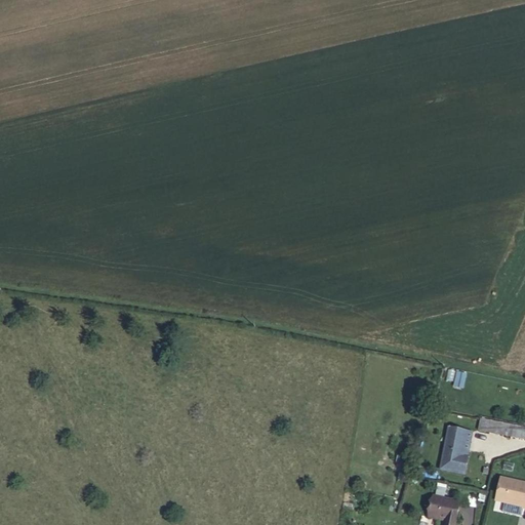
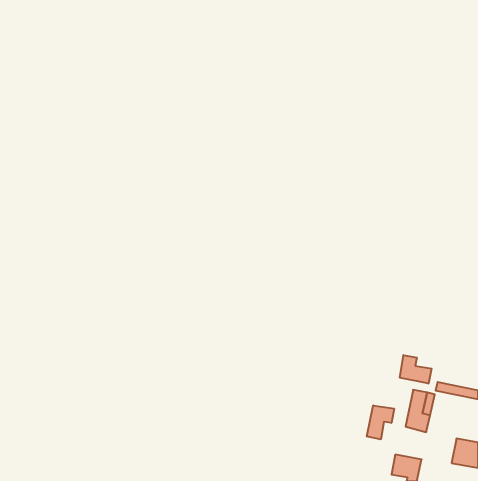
building: none -> [400,355,432,384]
building: none -> [367,405,394,439]

